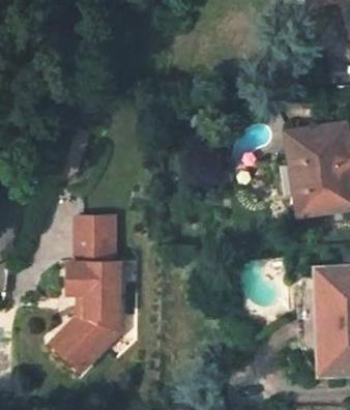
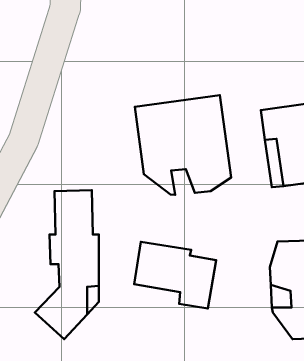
building: none -> [135,95,231,195]
building: none -> [134,242,216,309]

